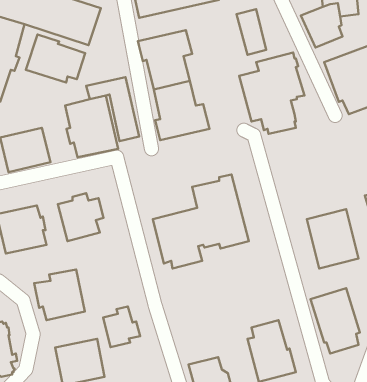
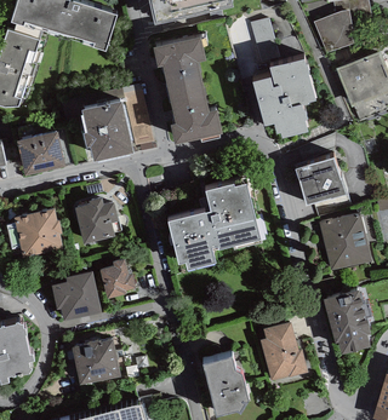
building: [26,34,85,82] -> none
building: none -> [295,155,347,205]
building: [103,307,140,347] -> [99,257,136,297]

